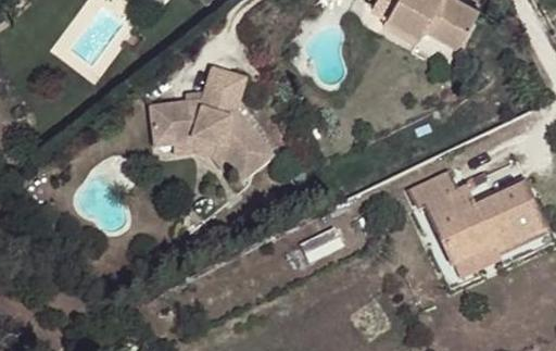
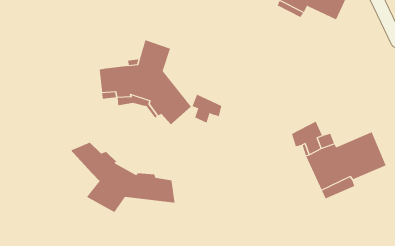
building: none -> [192,94,222,124]
building: none -> [70,142,175,213]

